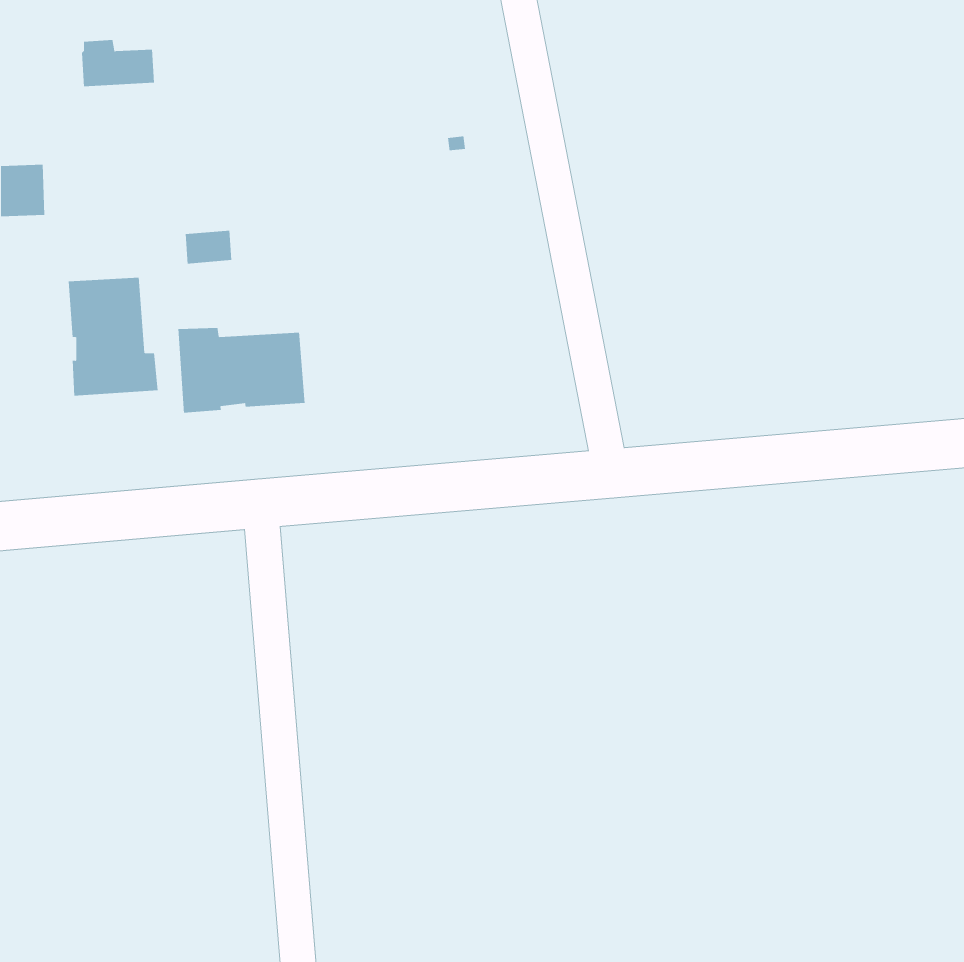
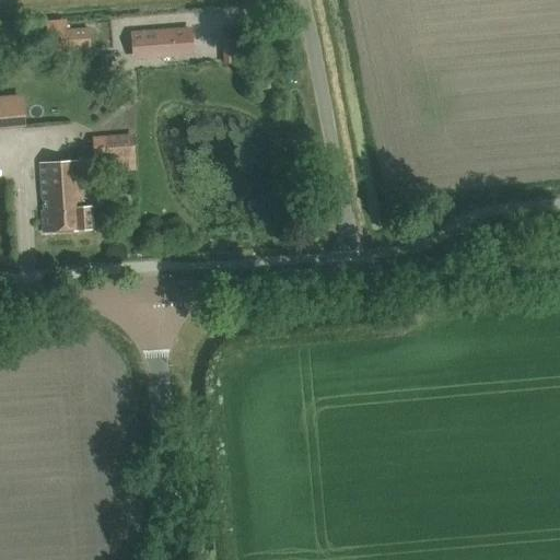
building: none -> [132,27,190,55]
building: [178,327,305,414] -> none

